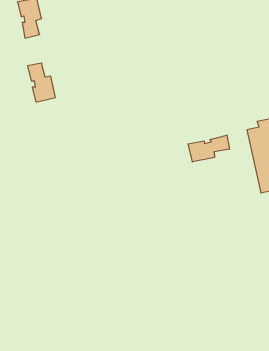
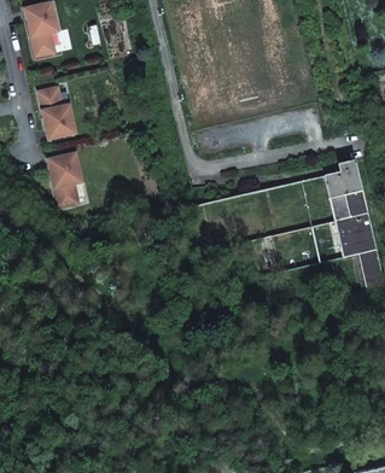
building: none -> [49,152,81,205]
building: [188,135,229,162] -> none

